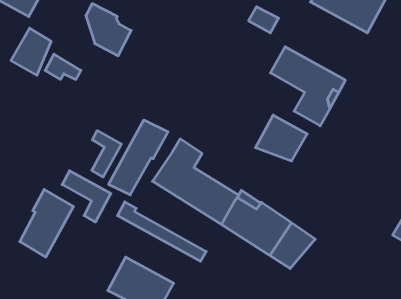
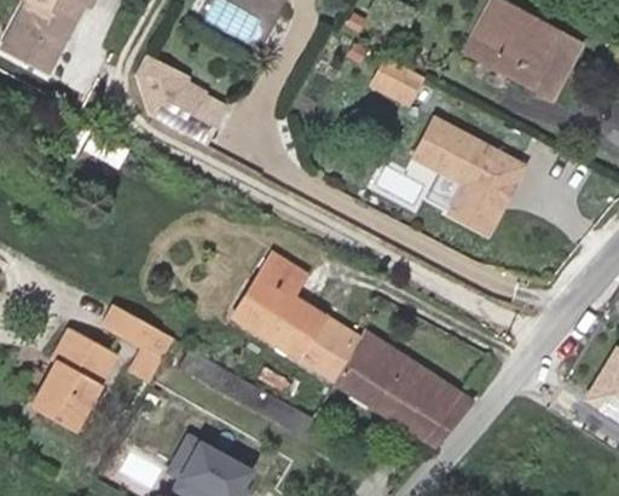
building: [11,28,51,75] -> none
building: [255,115,307,161] -> none
building: [109,120,168,195] -> none
building: [92,131,121,177] -> none

